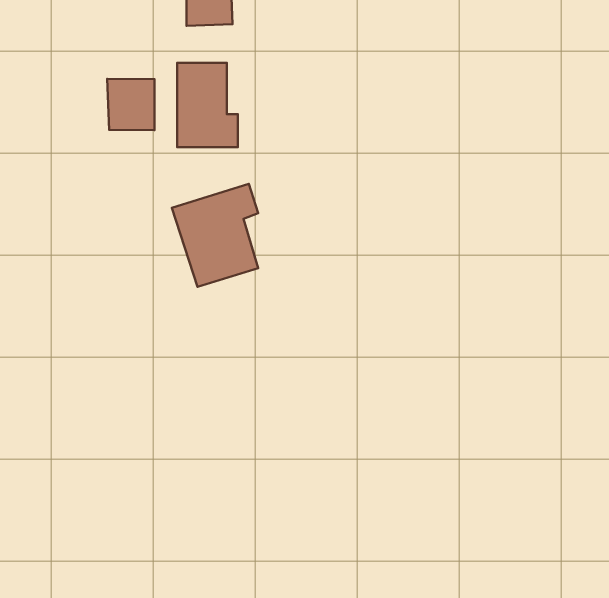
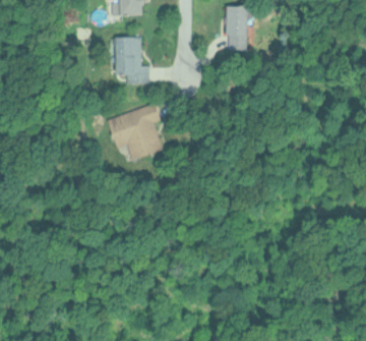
building: none -> [226,6,246,48]
building: [107,79,155,130] -> none

